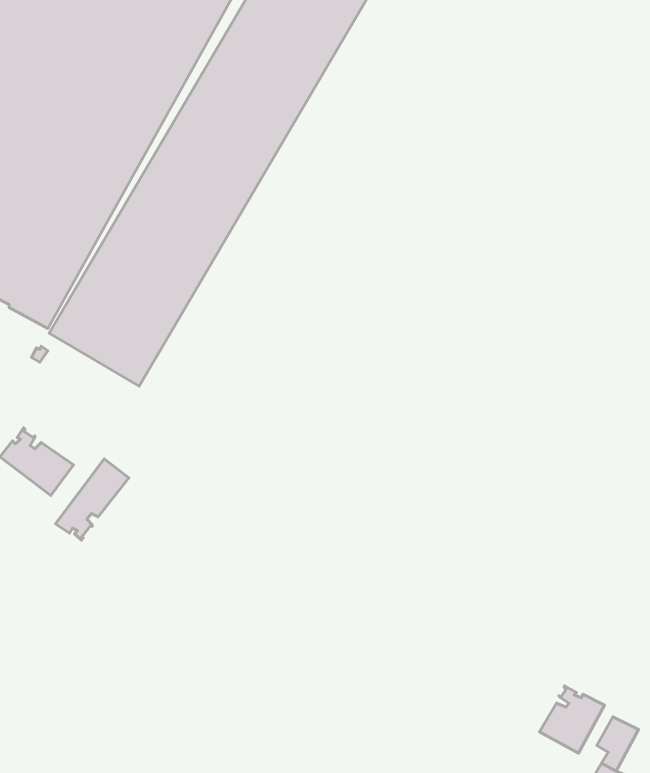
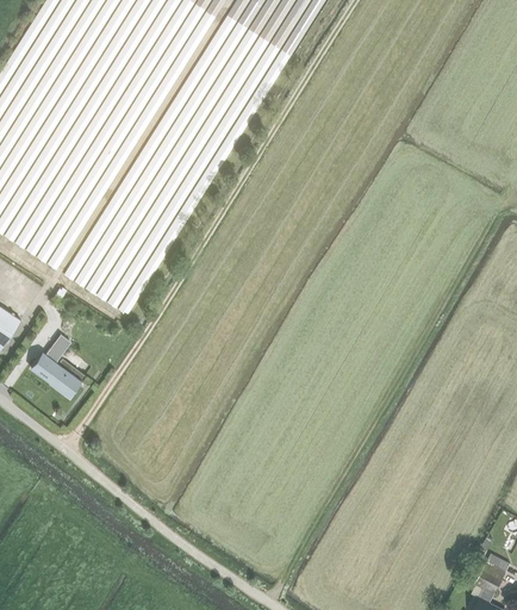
building: [56,459,129,540] -> none
building: [539,686,604,753] -> none

